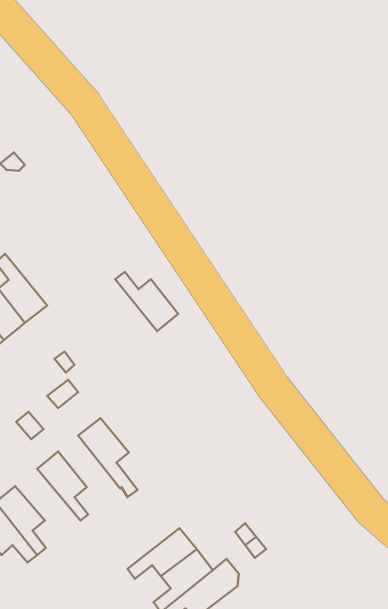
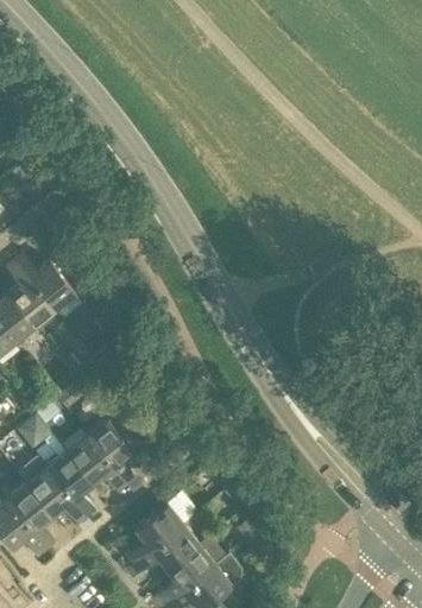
building: [115,272,178,331] -> [15,253,76,310]
building: none -> [67,435,126,493]
building: none -> [25,467,88,525]
building: none -> [126,502,183,563]

